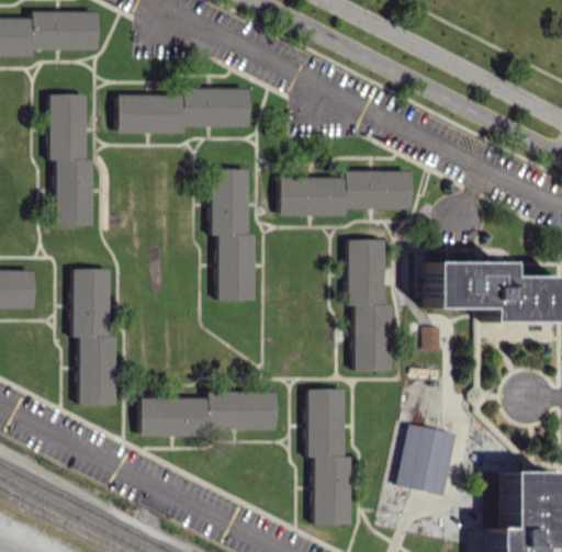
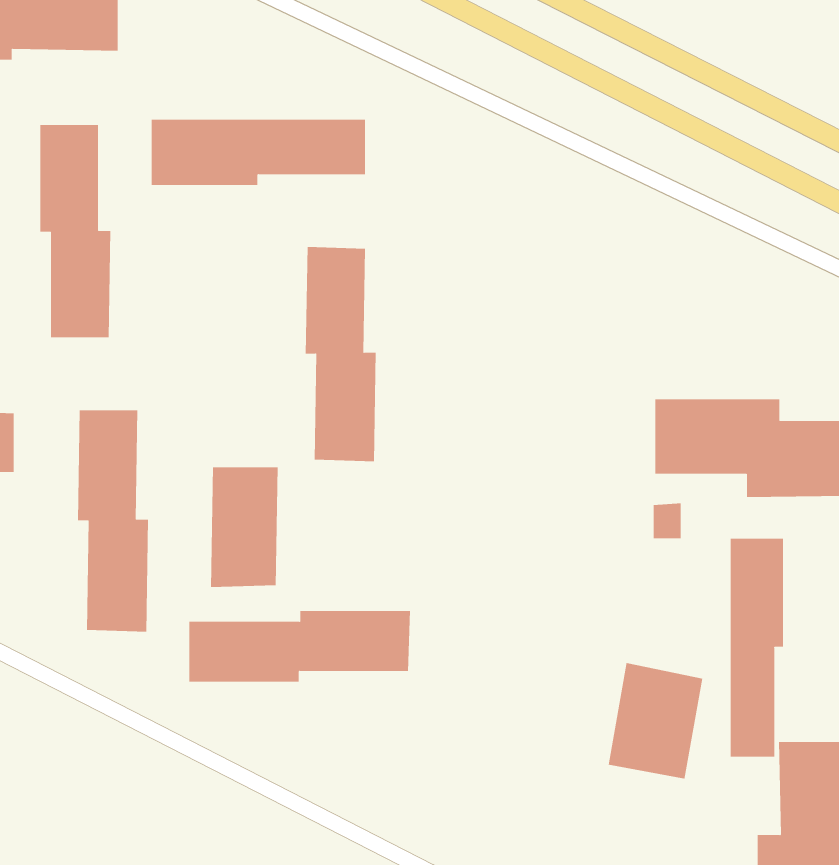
building: [280,171,411,215] -> none
building: [347,239,391,371] -> none
building: none -> [210,466,278,588]
building: none -> [730,538,783,757]
building: [306,388,350,525] -> none

